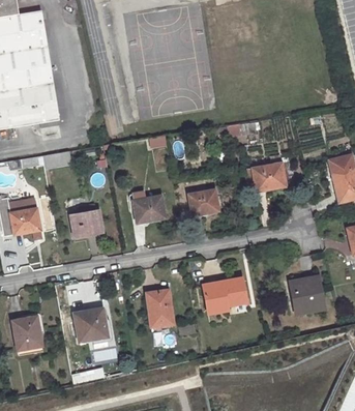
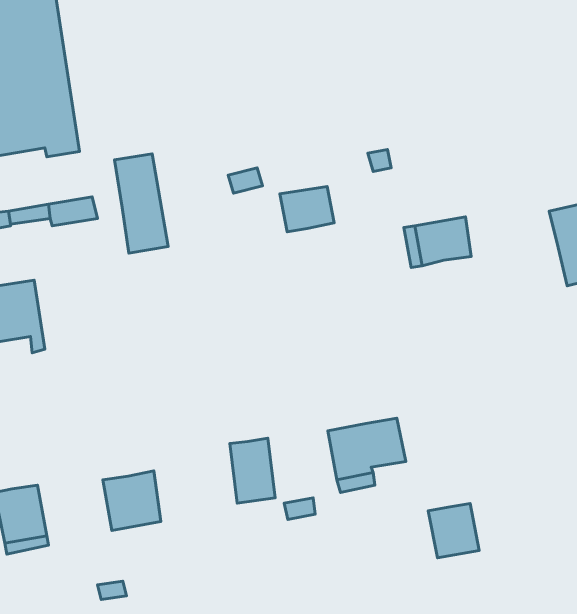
building: none -> [115,154,168,253]
building: [187,189,218,215] -> [280,187,334,232]
building: [128,192,165,223] -> none
building: [69,210,100,237] -> none
building: [292,280,321,311] -> [428,503,479,558]

